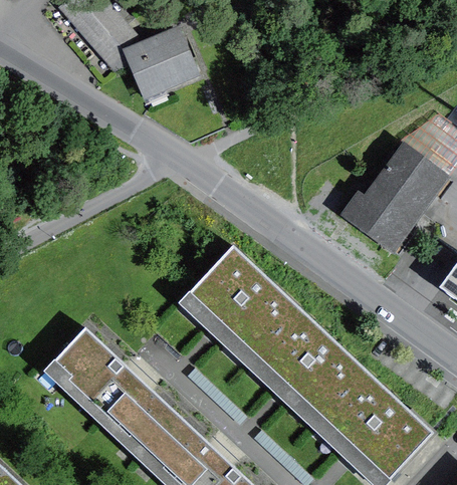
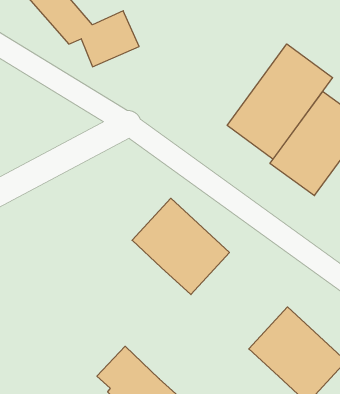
building: none -> [227,44,333,159]
building: [255,311,366,422] -> none
building: [53,331,180,453] -> none

